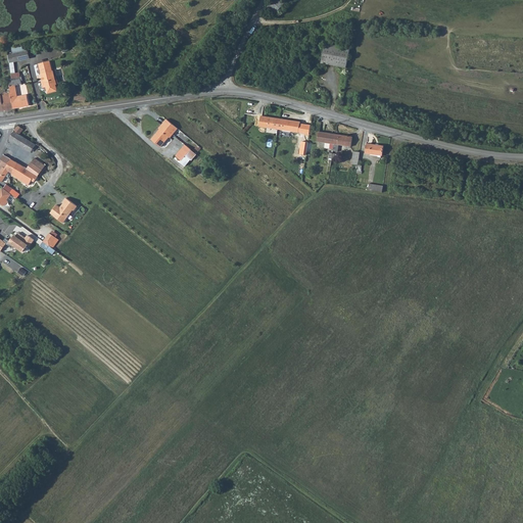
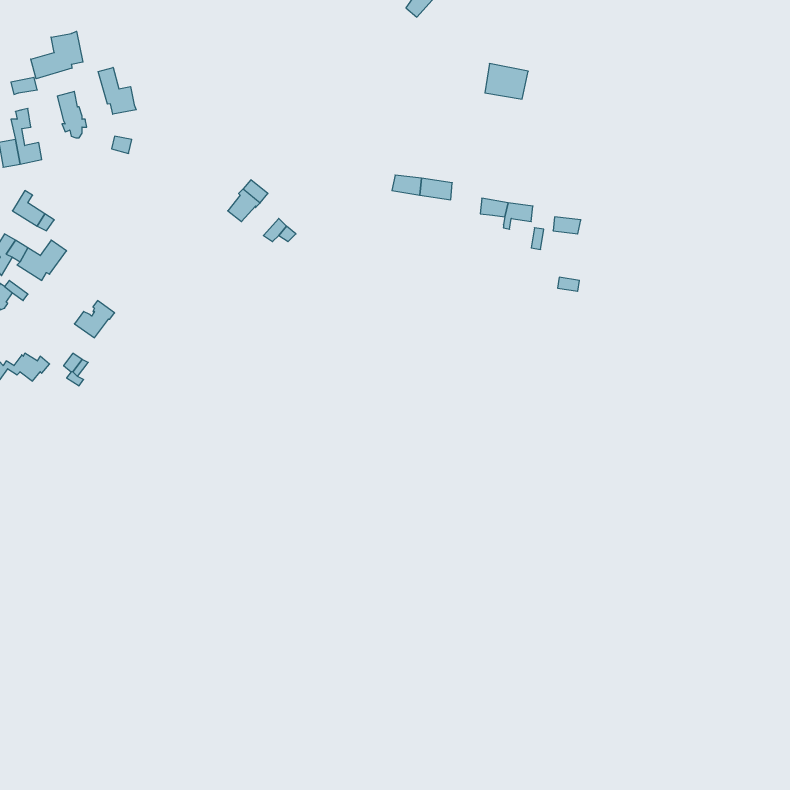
building: none -> [31,31,83,79]
building: none -> [98,67,136,114]

